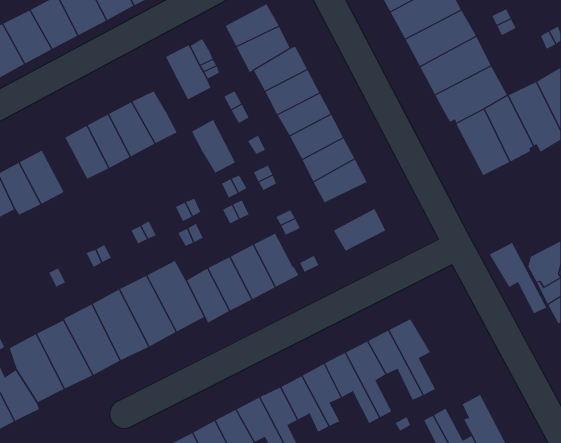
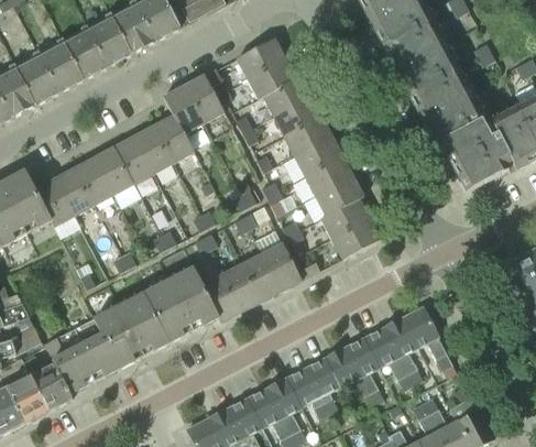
building: [191,119,236,174] -> [164,85,204,133]
building: none -> [75,156,114,205]
building: none -> [321,198,370,239]
building: [489,242,547,314] -> [402,306,453,370]

